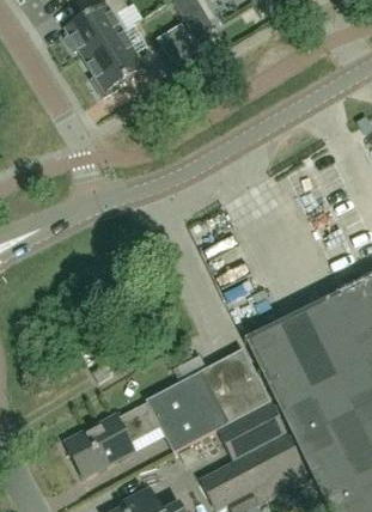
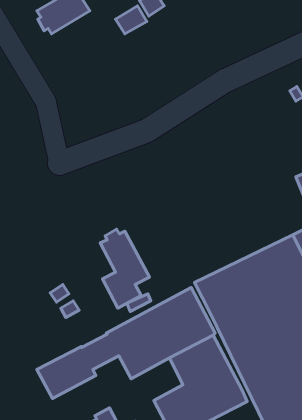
building: [81,28,144,97] -> none
building: none -> [100,229,149,308]

